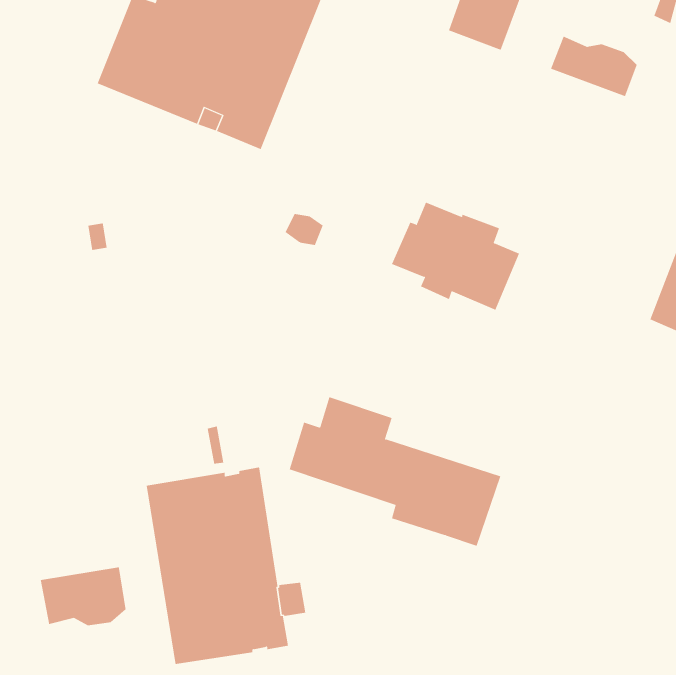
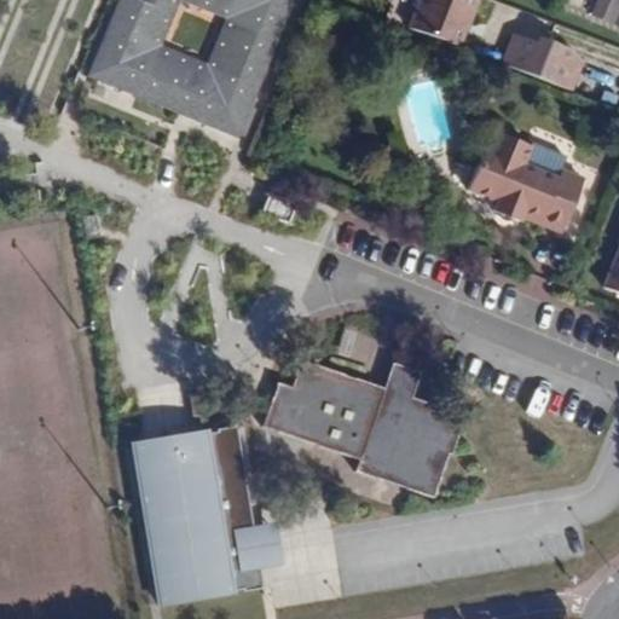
building: [391,202,520,311] -> [464,128,582,227]
building: none -> [353,358,464,434]
building: [40,567,126,626] -> none

